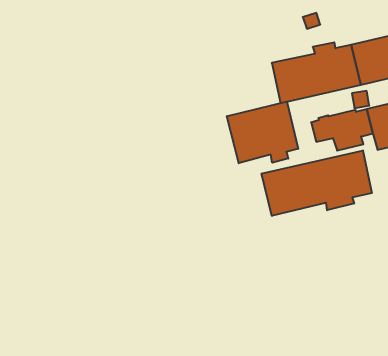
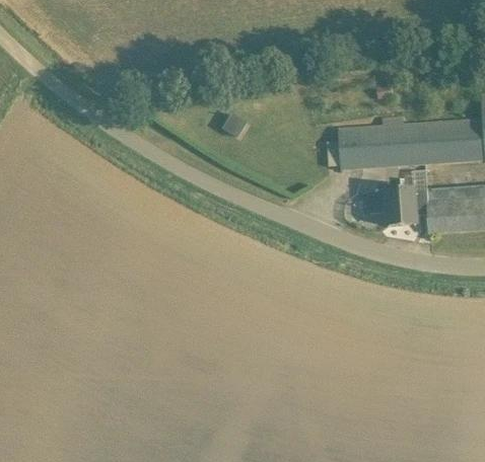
building: [227,102,298,163] -> none
building: [262,150,372,216] -> none

